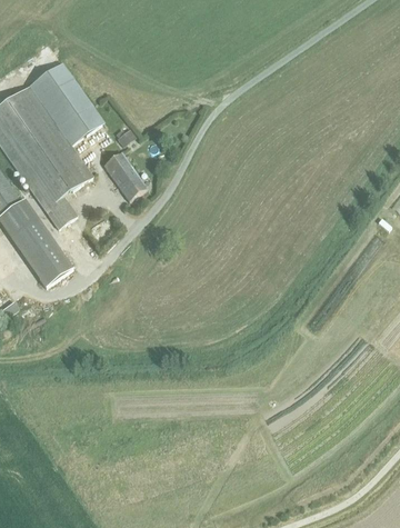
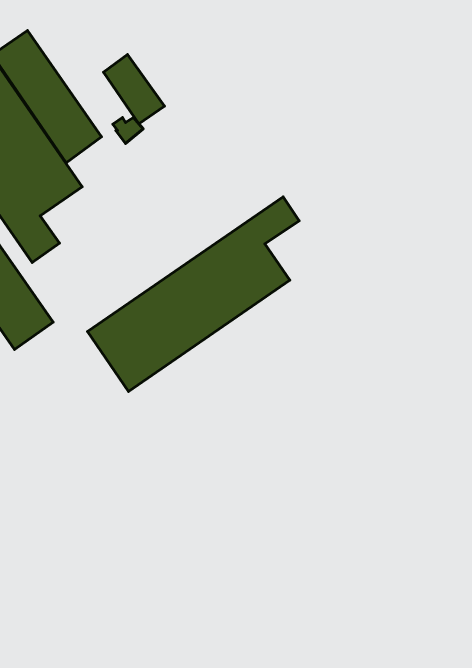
building: [103,151,146,199] -> [103,54,165,124]
building: none -> [87,197,299,391]

